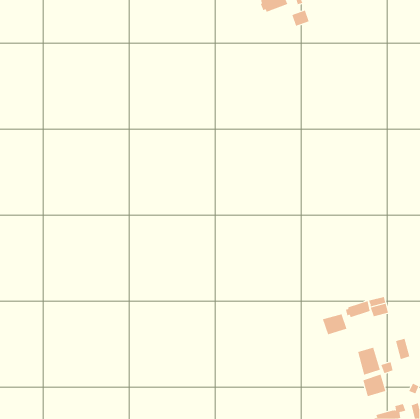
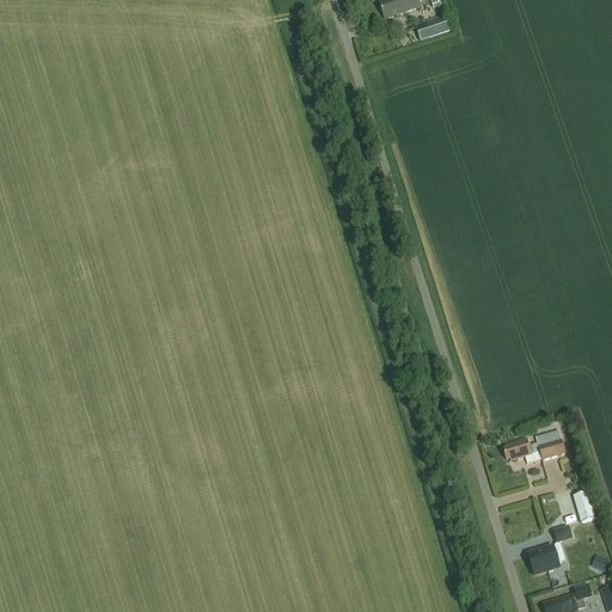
building: [322,313,347,335] -> none
building: [357,347,381,376] -> none

